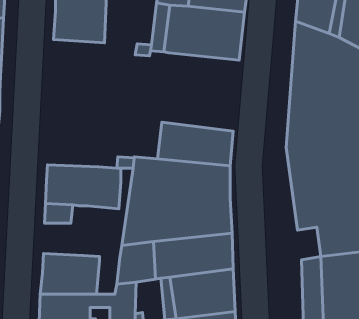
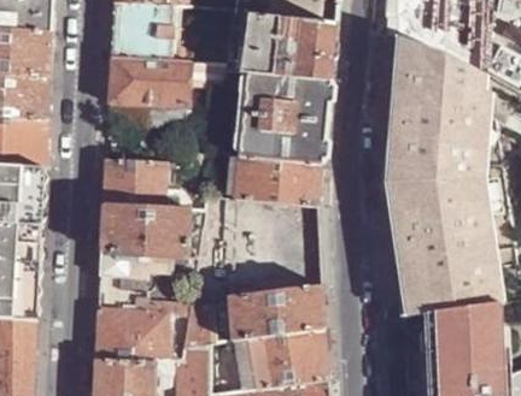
building: none -> [109,59,189,108]
building: none -> [239,75,330,167]
building: none -> [104,160,165,209]
building: none -> [99,276,147,314]

